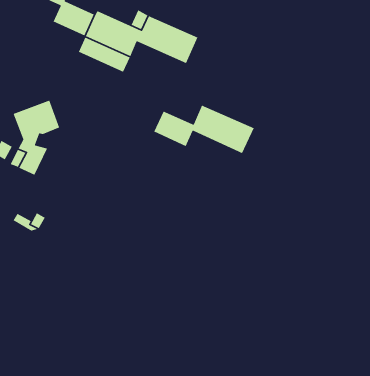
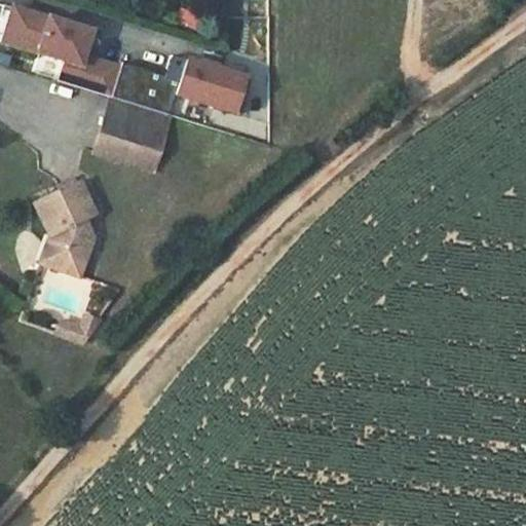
building: none -> [97,116,166,167]
building: [153,104,255,154] -> none

